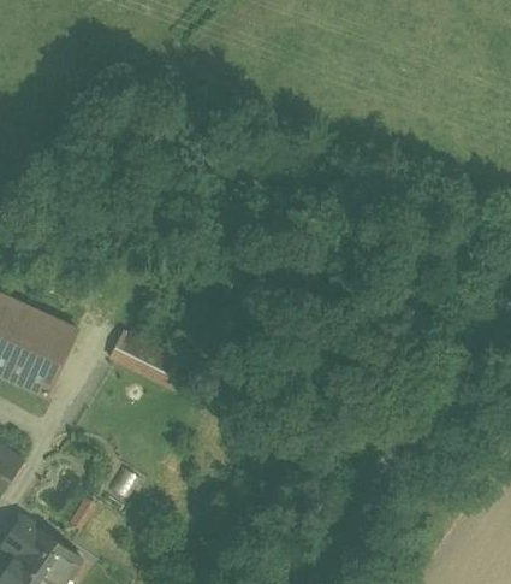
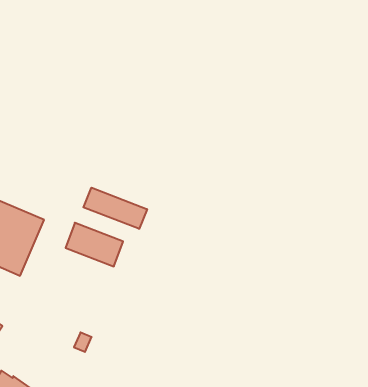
building: none -> [83,188,147,229]

